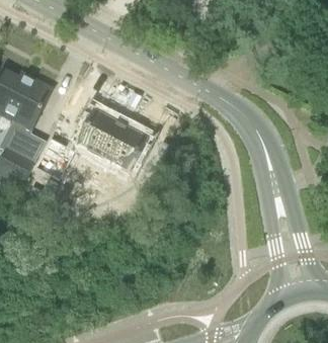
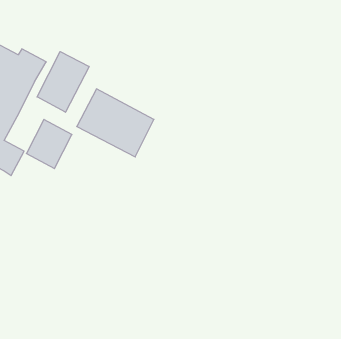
building: none -> [37,52,89,112]

